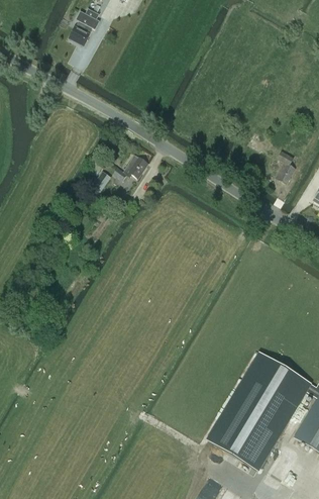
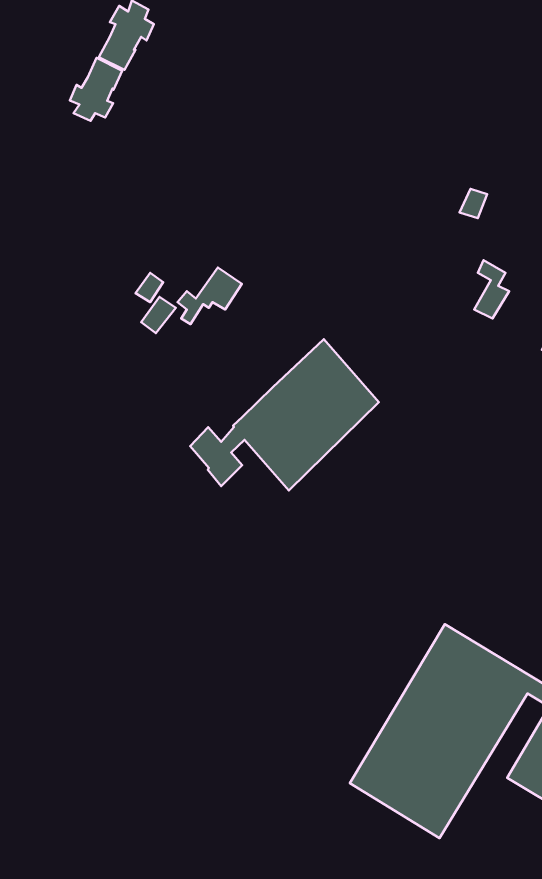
building: none -> [70,58,122,121]
building: none -> [190,339,379,490]

